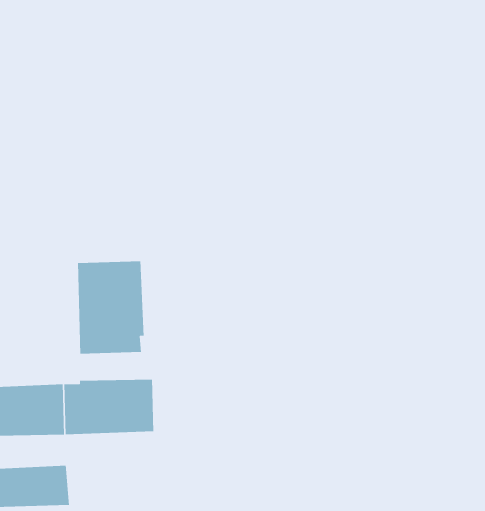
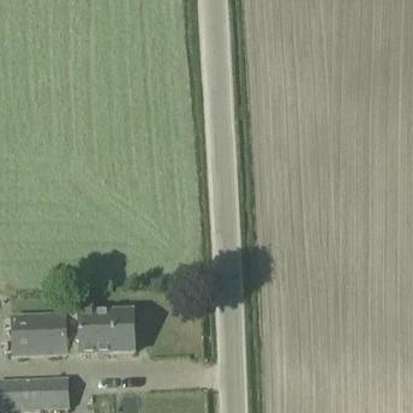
building: [77,261,144,355] -> none

